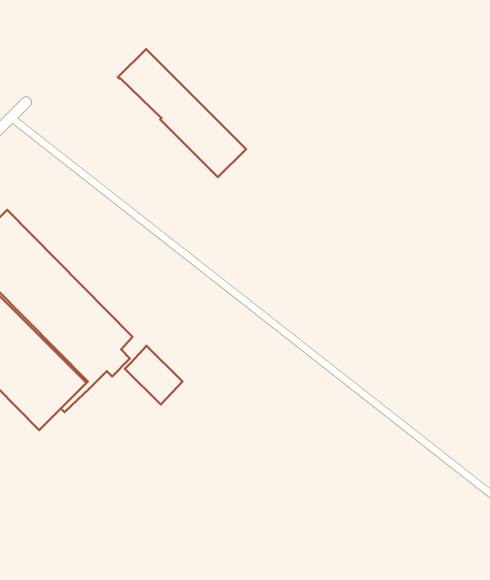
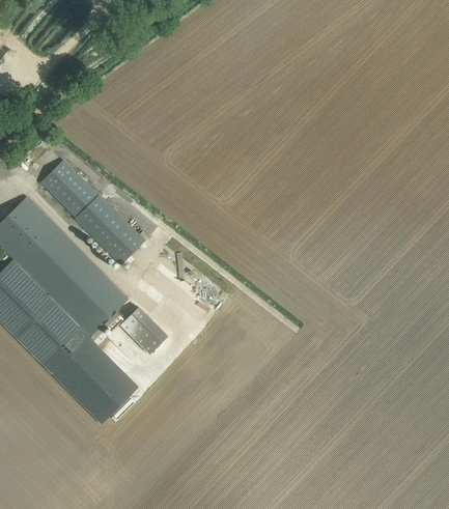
building: [118,49,246,177] -> [40,161,144,264]
building: none -> [52,341,138,423]

